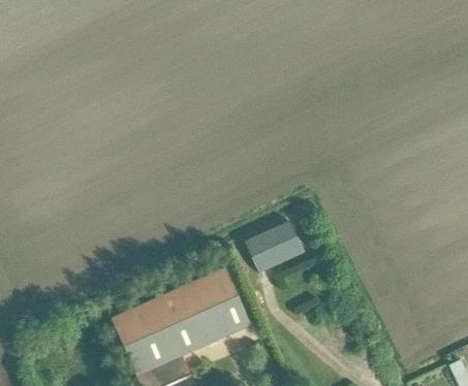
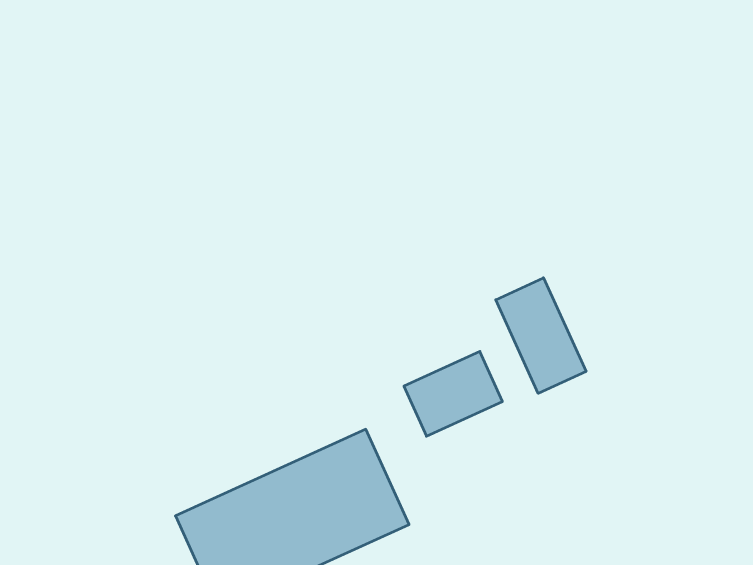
building: none -> [496,278,586,393]

